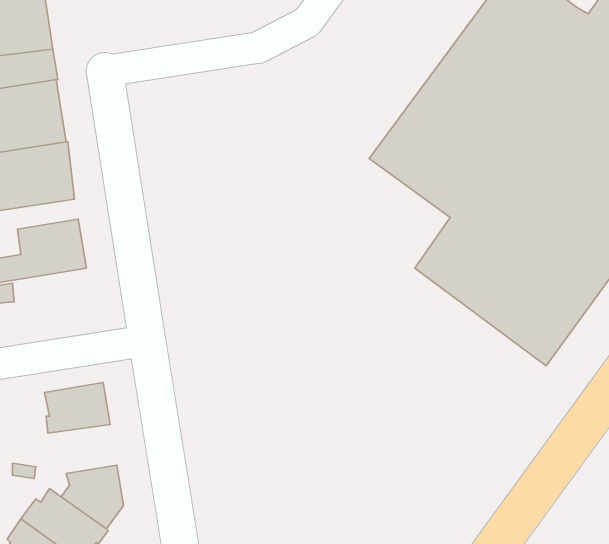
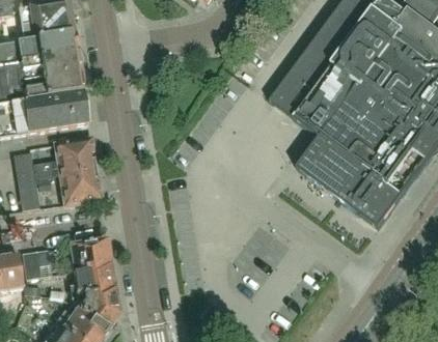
building: none -> [59,167,101,203]
building: none -> [72,263,115,294]

